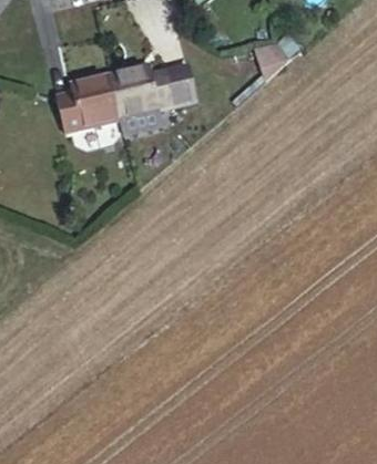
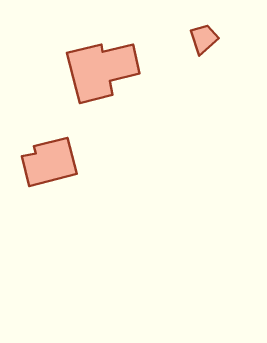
building: [53,75,119,133] -> [22,138,77,186]

